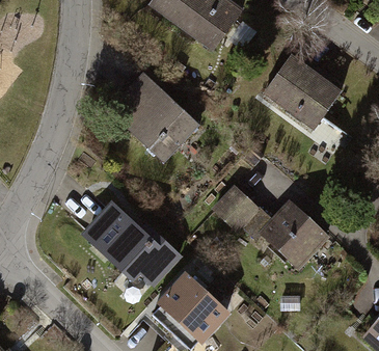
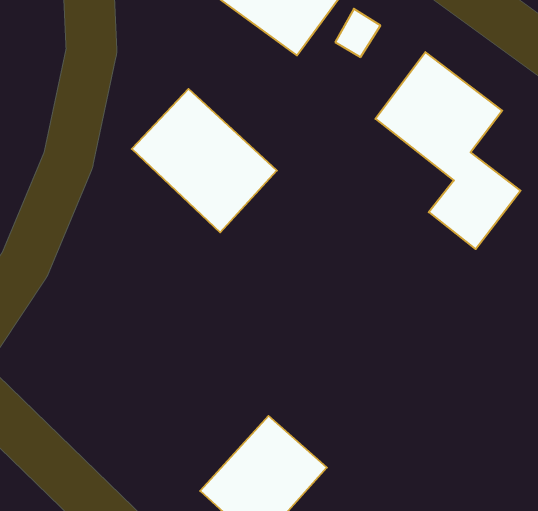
building: [213,184,327,266] -> none
building: [80,200,188,292] -> none

